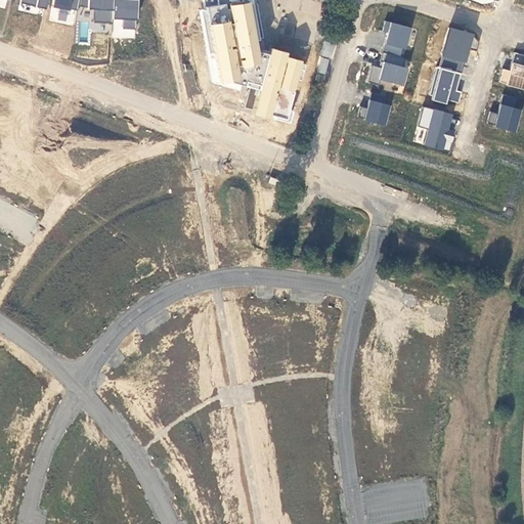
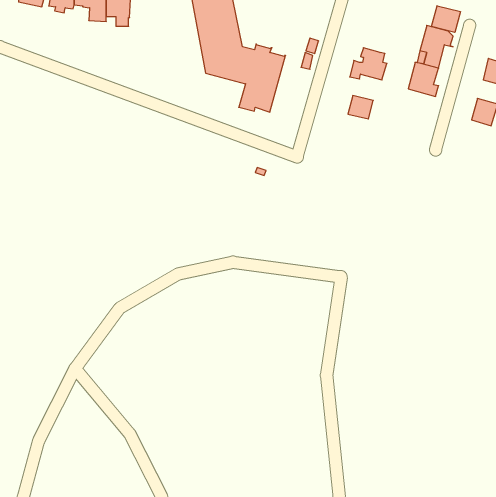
building: none -> [431,6,460,32]
building: [384,19,411,55] -> none
building: [419,104,454,149] -> none

